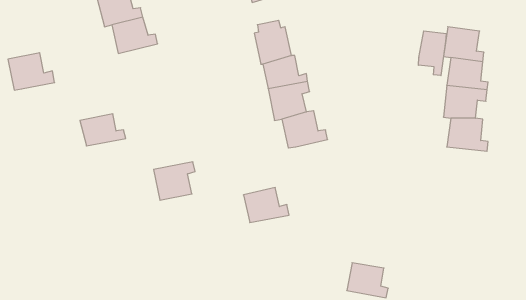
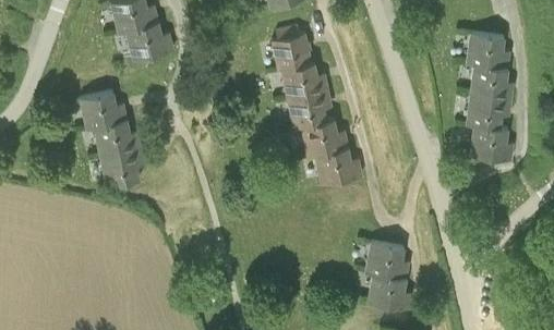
building: [418,31,446,76] -> none
building: [8,53,55,90] -> [80,91,128,130]
building: [154,162,195,200] -> [100,147,143,186]
building: [243,188,289,223] -> [315,148,362,184]
building: none -> [365,241,408,280]

